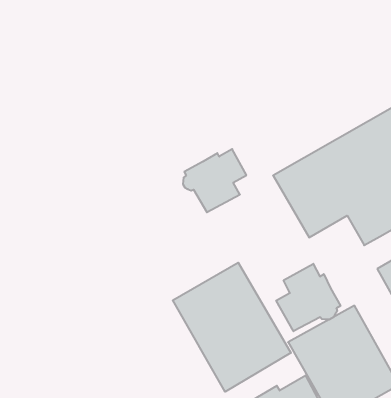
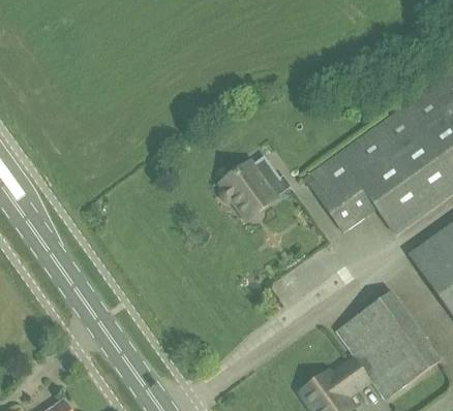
building: [173,263,291,392] -> none
building: [276,264,340,331] -> none

